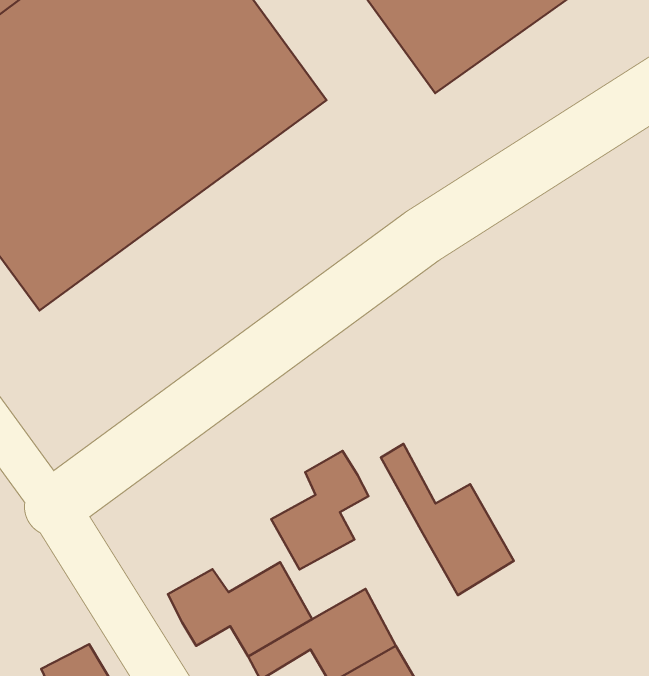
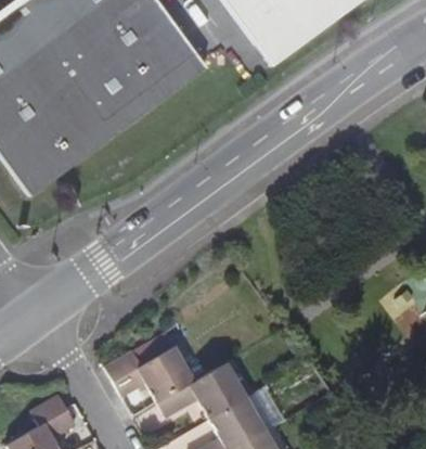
building: [381,444,514,595] -> none
building: [271,451,369,569] -> none

